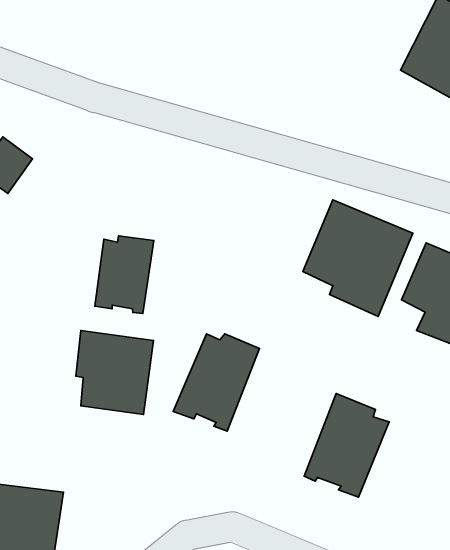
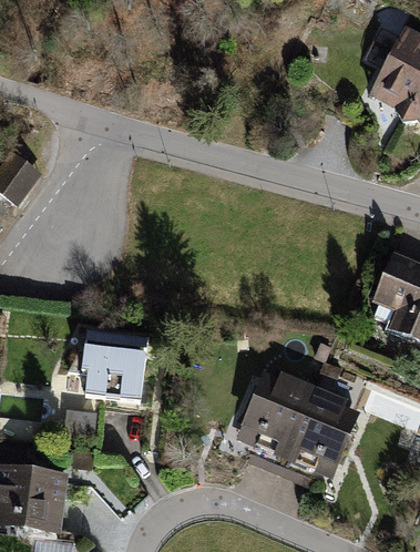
building: [303,200,413,316] -> none
building: [95,236,154,313] -> none
building: [173,334,259,431] -> [235,371,313,459]

